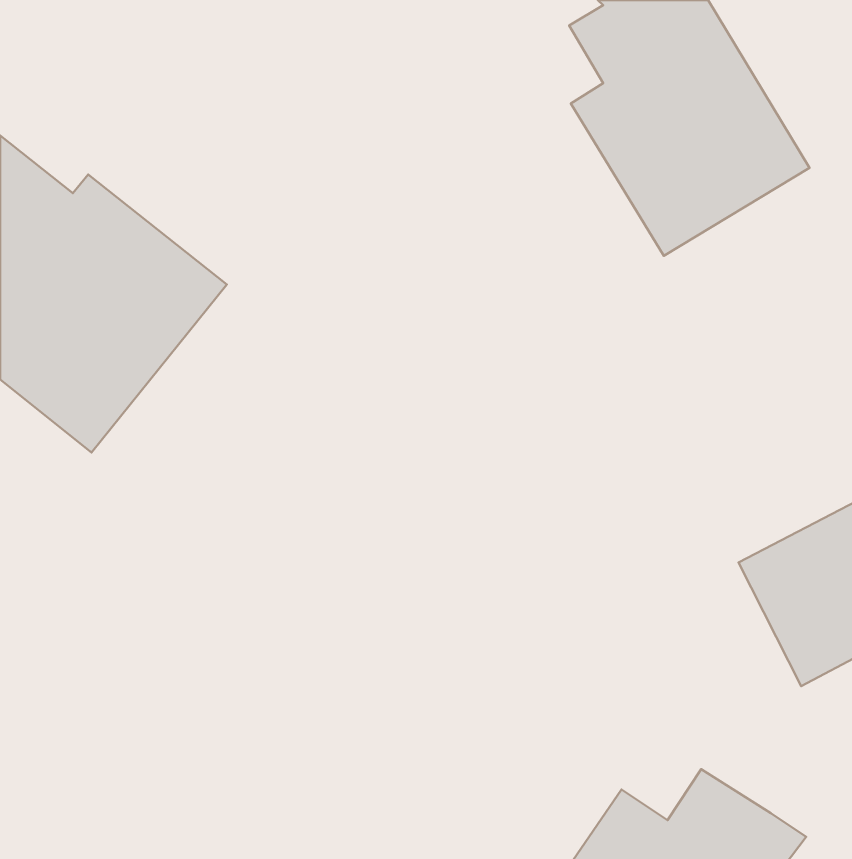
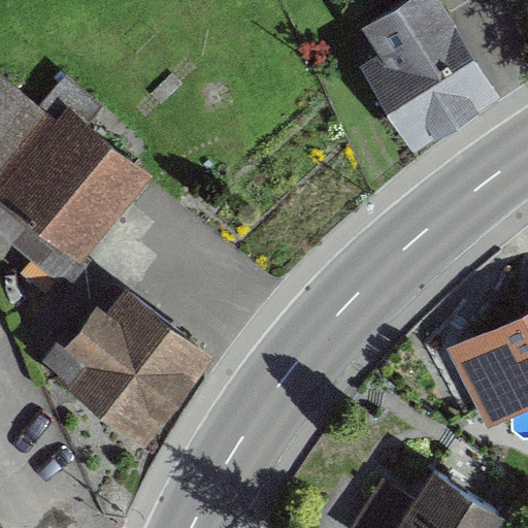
building: none -> [42,279,208,444]

